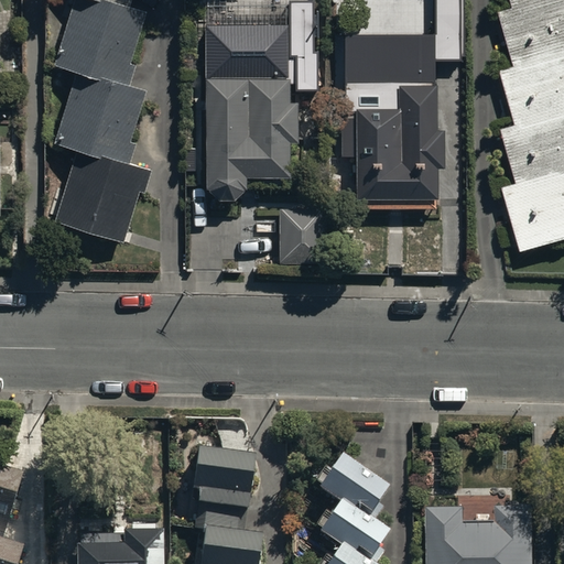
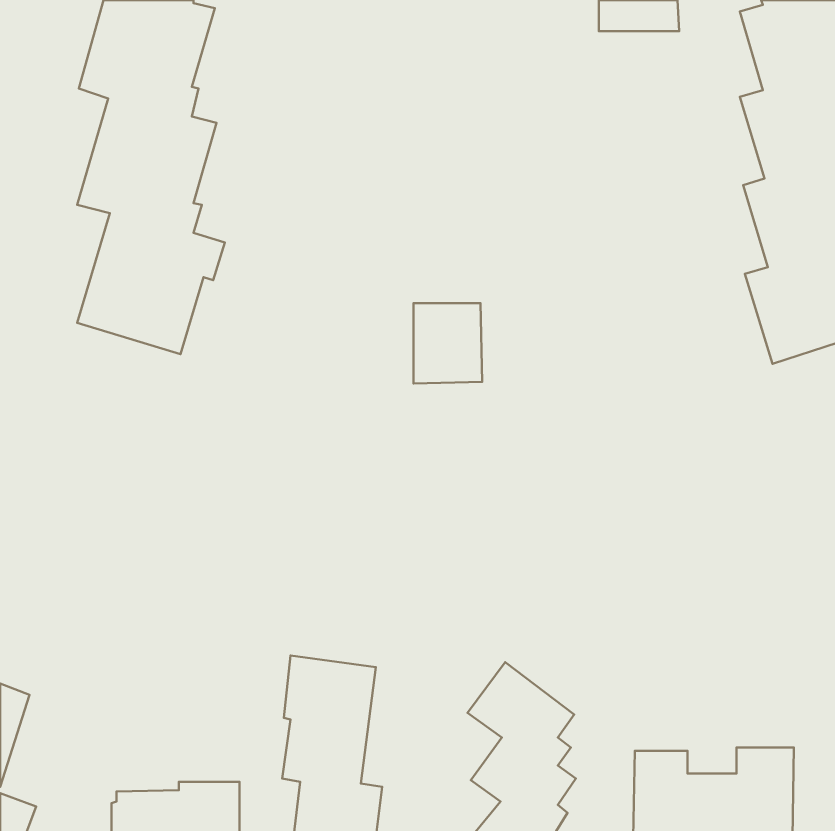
building: [204,23,297,196] -> none
building: [340,36,444,209] -> none

